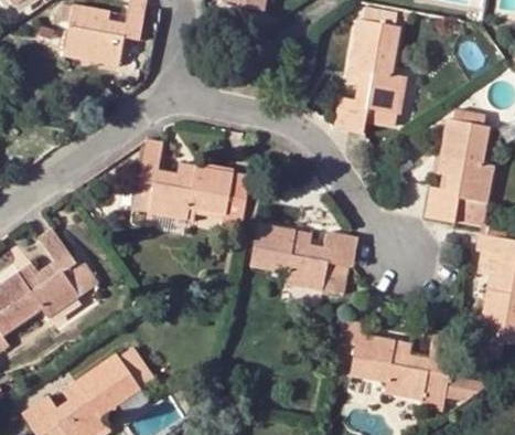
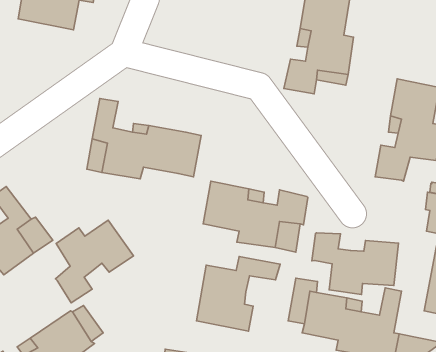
building: none -> [56,220,133,303]
building: none -> [312,233,399,295]
building: none -> [196,257,280,331]

